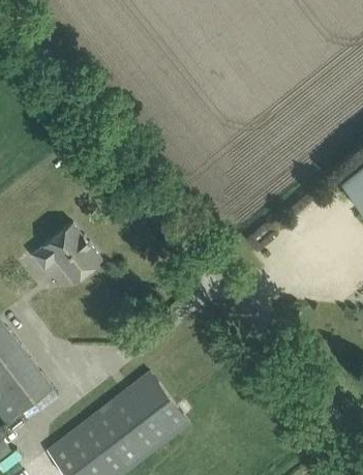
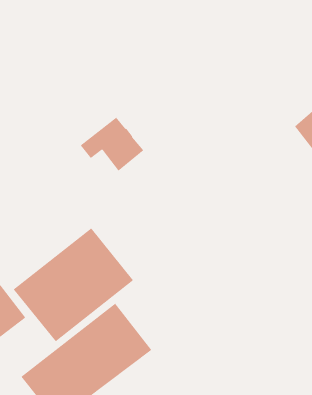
building: [33,224,102,283] -> [80,117,144,171]
building: none -> [13,228,134,342]

